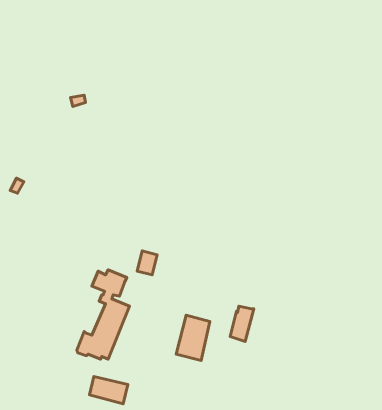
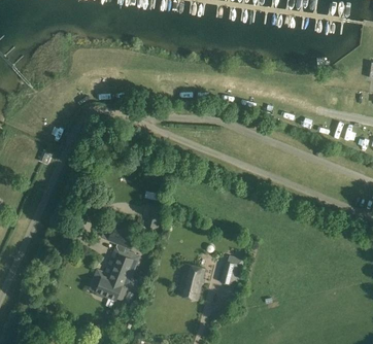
building: [89,377,128,404] -> none

